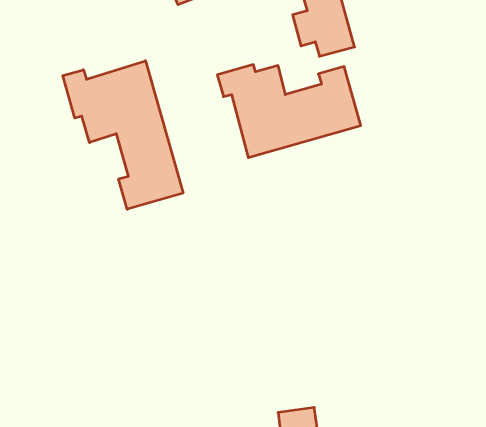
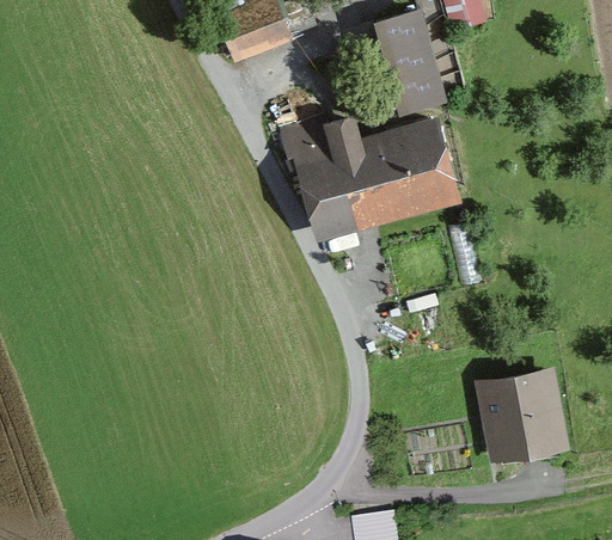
building: [63,61,183,209] -> none
building: none -> [486,372,558,449]

